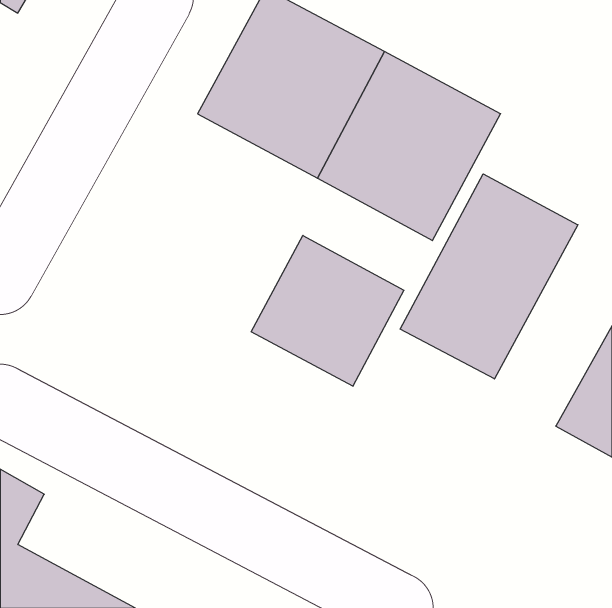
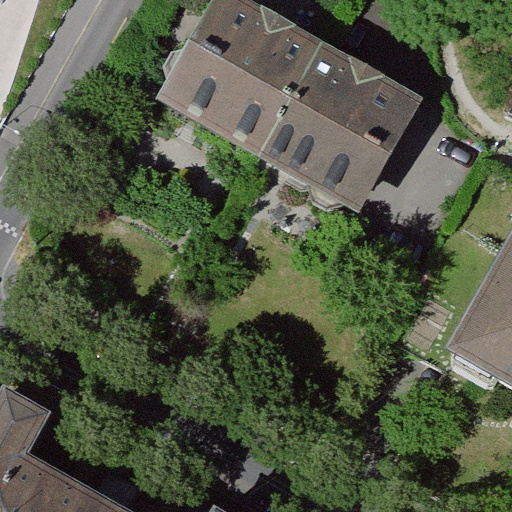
building: [400,174,578,379] -> none
building: [251,235,404,386] -> none

